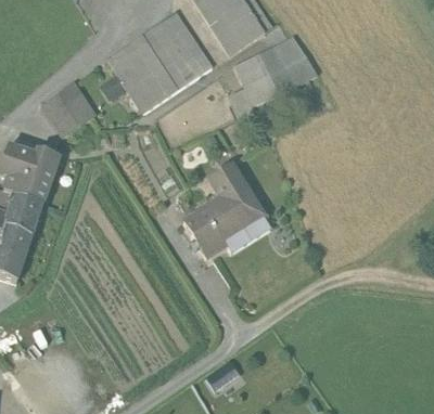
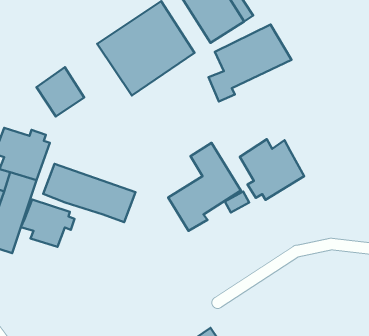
building: none -> [240,139,304,200]
building: none -> [43,164,136,222]
building: none -> [21,199,74,247]

